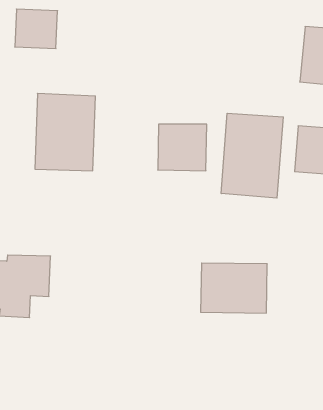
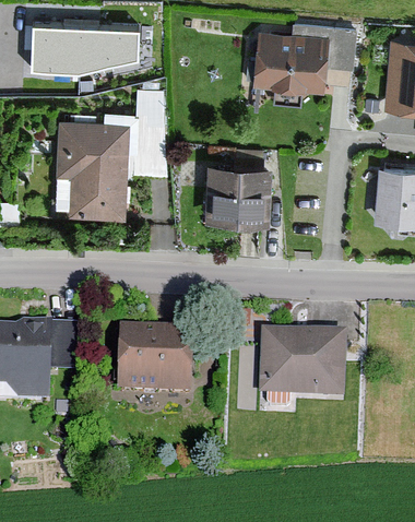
building: none -> [81,20,139,68]
building: none -> [254,24,359,93]
building: [221,113,283,198] -> none
building: none -> [119,331,194,396]

